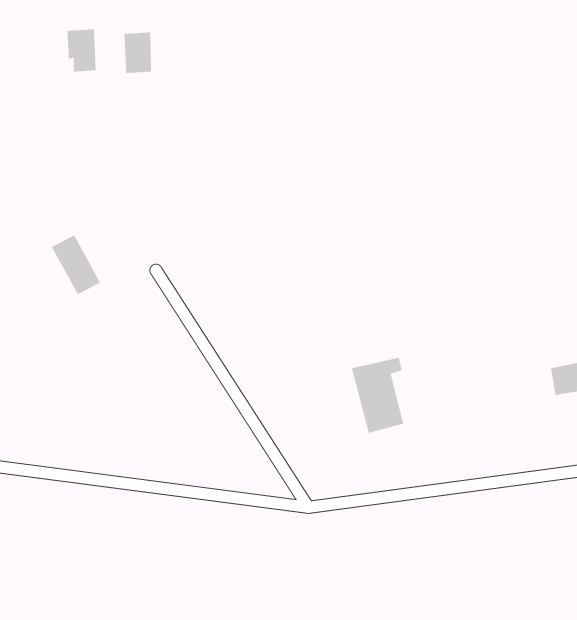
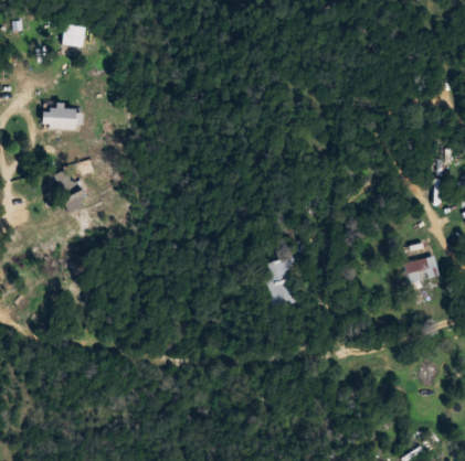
building: [123,32,152,74] -> none
building: none -> [43,107,81,128]

